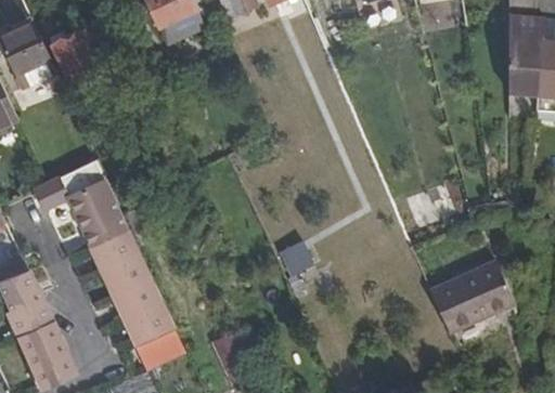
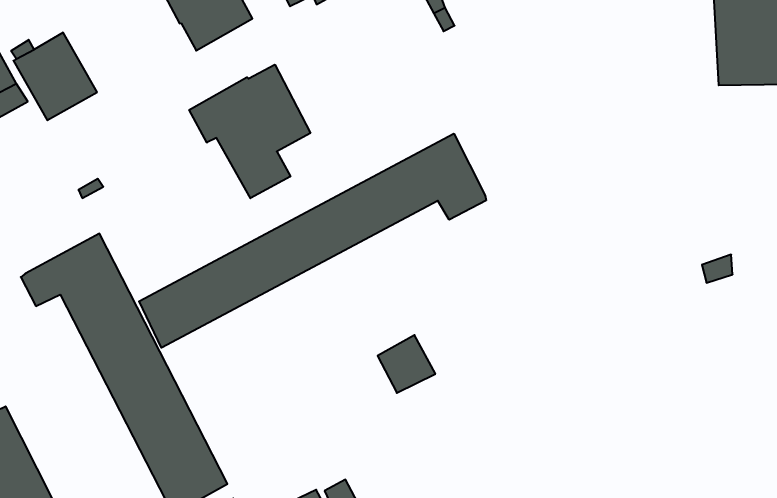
building: none -> [189,65,310,198]
building: none -> [139,134,486,348]
building: [429,262,513,332] -> none

